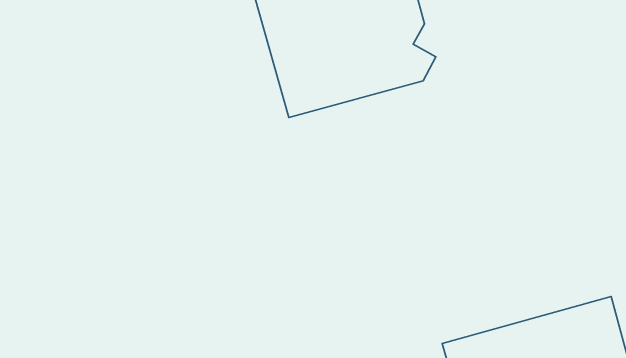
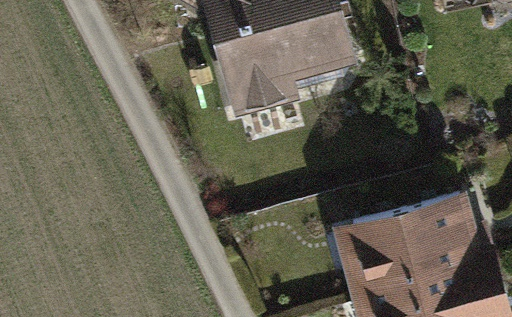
building: none -> [339,192,475,284]

